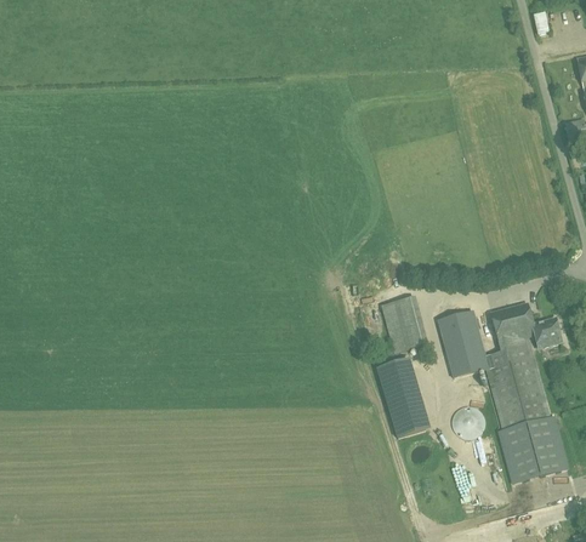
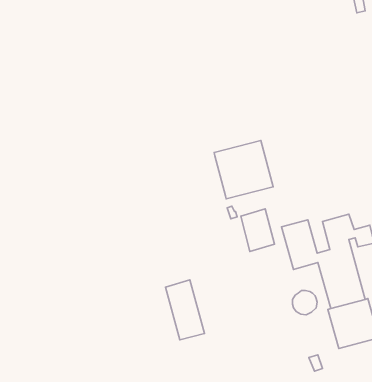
building: none -> [214,141,273,199]
building: [379,350,431,430] -> [165,280,204,340]

